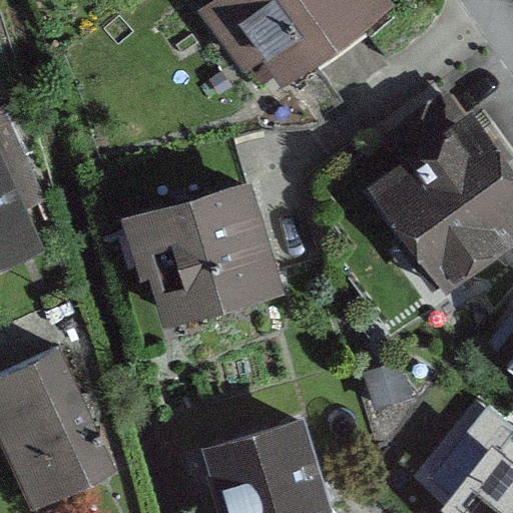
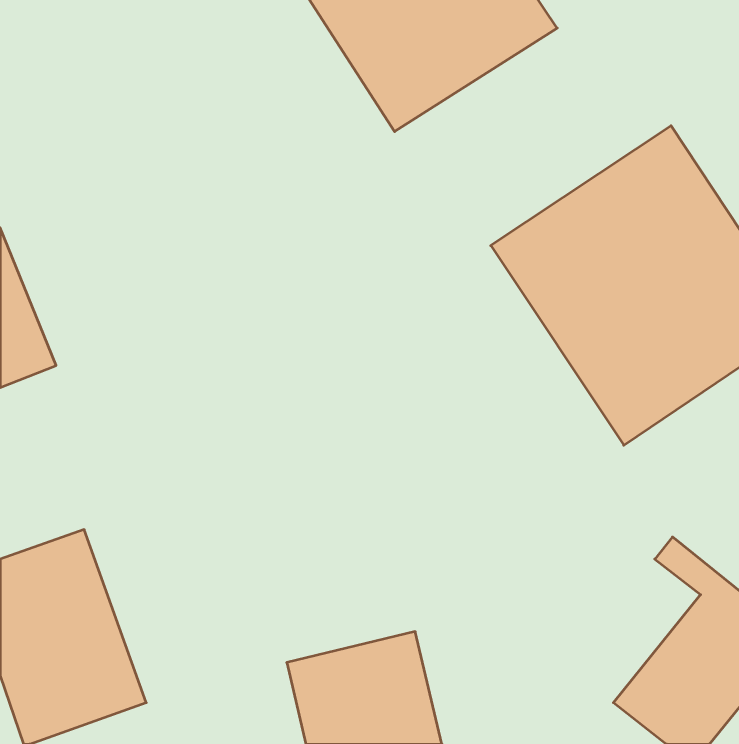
building: [138,203,265,330] -> none

